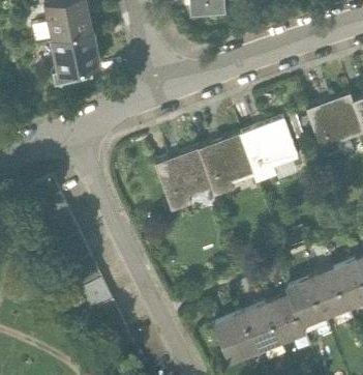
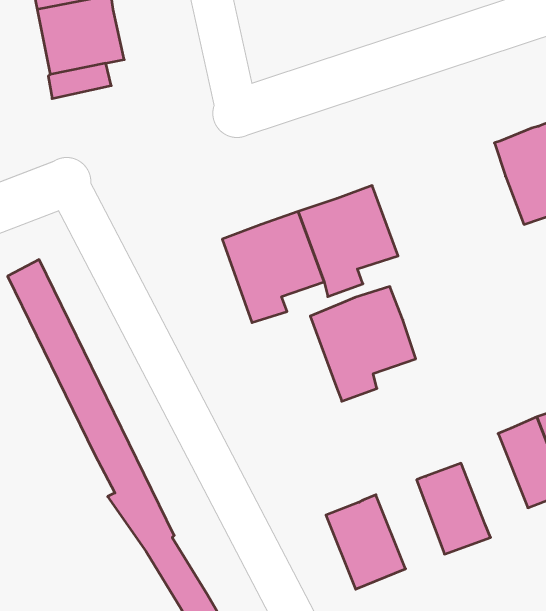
building: [238,119,297,183] -> [310,287,416,401]
building: [284,275,325,325] -> none
building: [240,300,278,350] -> none

